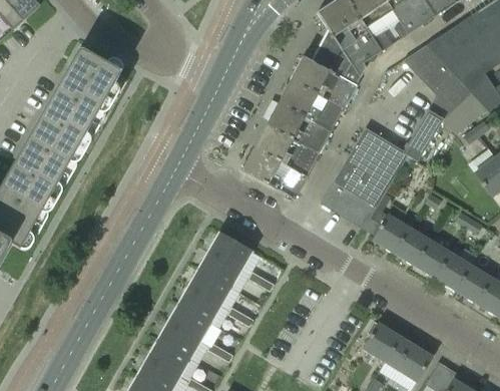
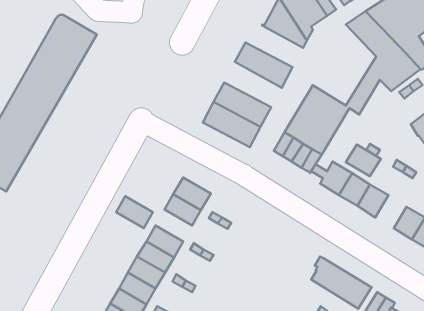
building: [290,56,355,108] -> none
building: [266,102,331,153] -> none
building: none -> [346,145,381,176]
building: [436,253,471,290] -> none
building: [188,269,229,305] -> [116,196,153,228]

